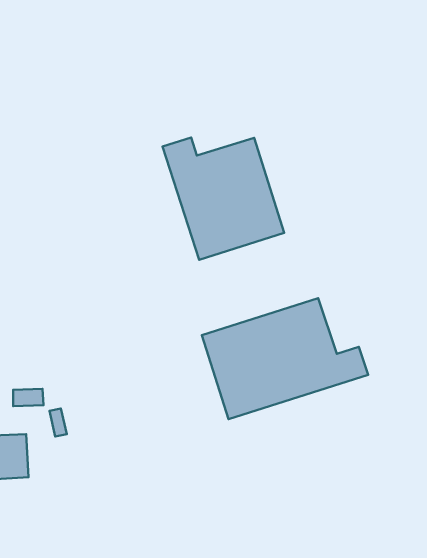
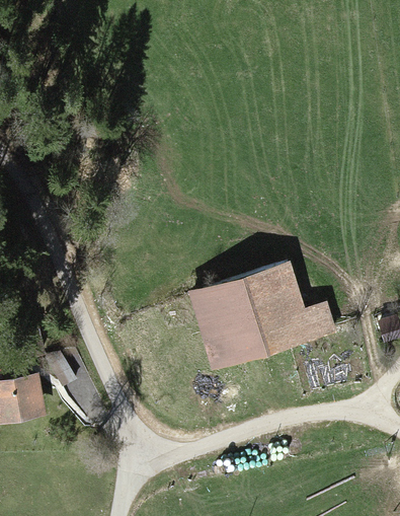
building: [163,138,284,260] -> none

